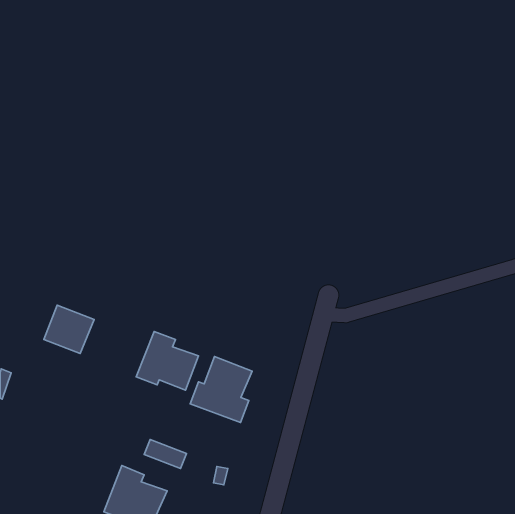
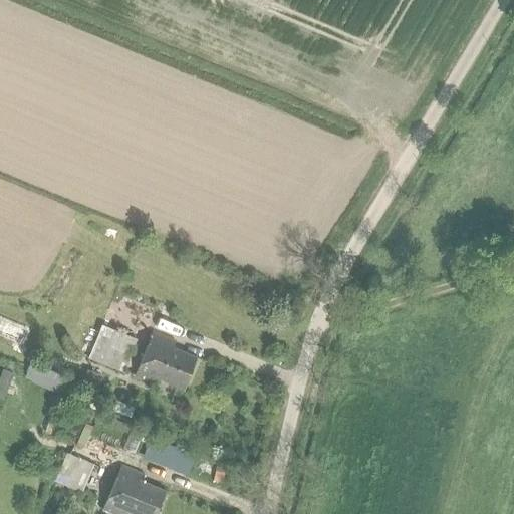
building: [44,305,94,354] -> [88,325,139,373]
building: [190,357,252,422] -> none

